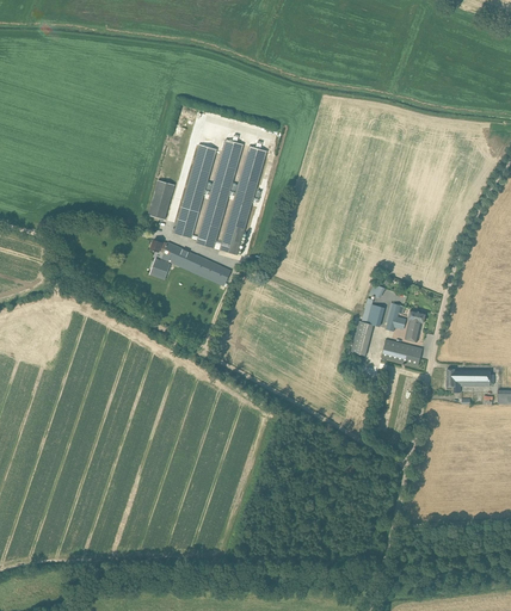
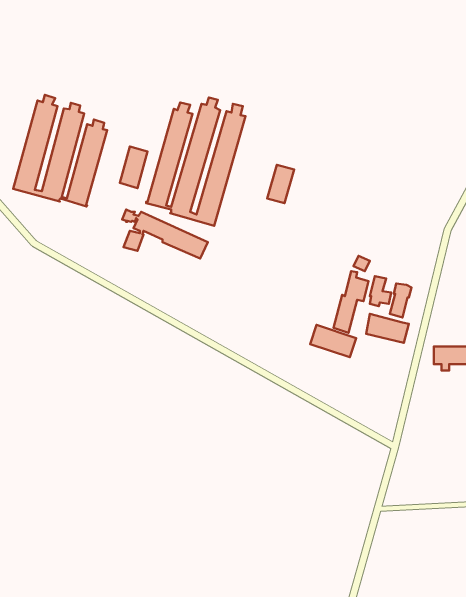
building: none -> [13,95,107,206]
building: none -> [267,165,294,203]
building: none -> [310,325,356,357]

